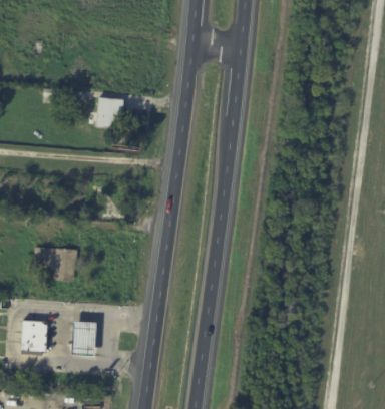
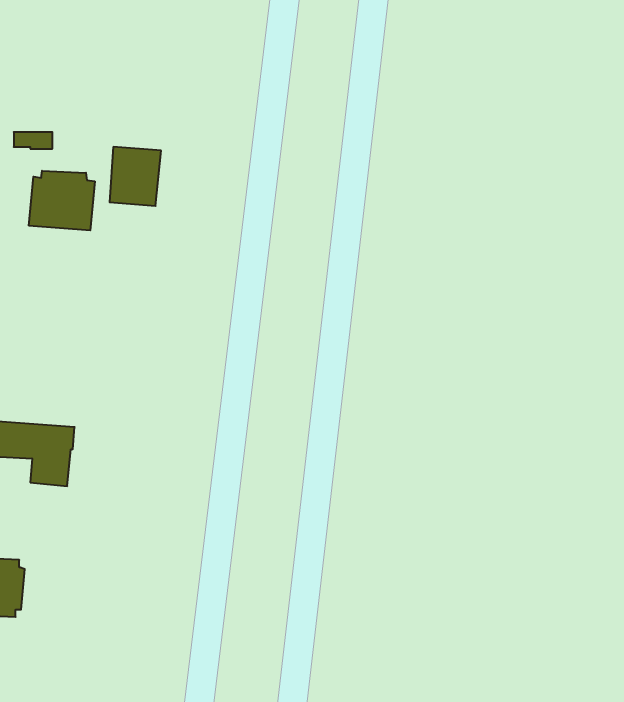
building: none -> [29,171,95,230]
building: [71,320,96,355] -> none

